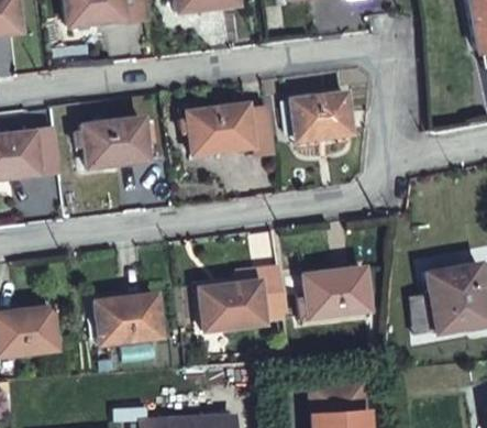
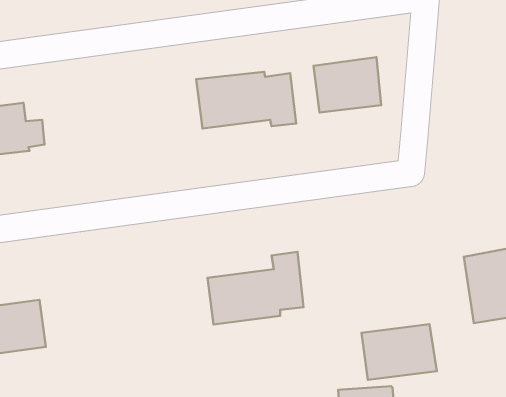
building: [81,118,158,168] -> none
building: [299,266,366,316] -> [362,324,437,380]
building: [91,294,157,344] -> none

